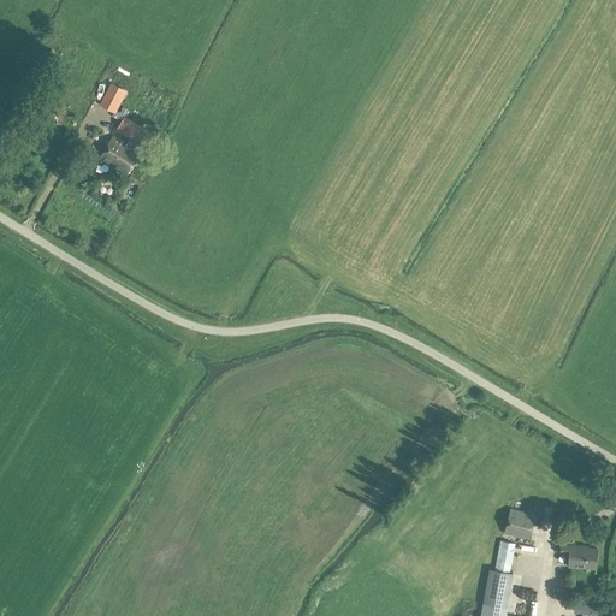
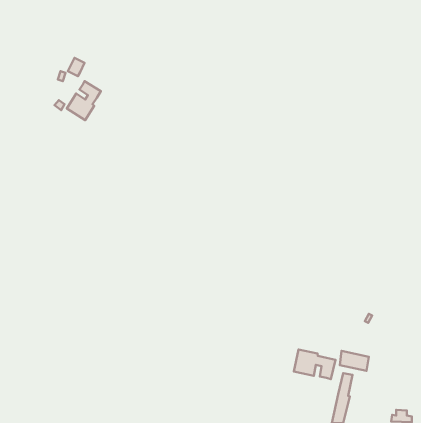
building: none -> [294,350,335,379]
building: [557,545,596,569] -> none

